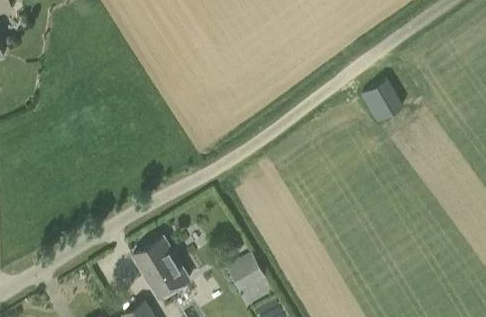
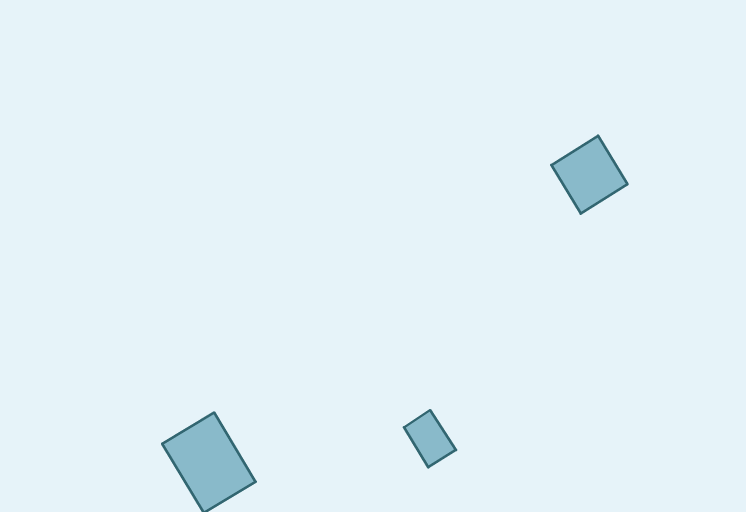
building: [227,259,257,292] -> [404,410,456,467]

